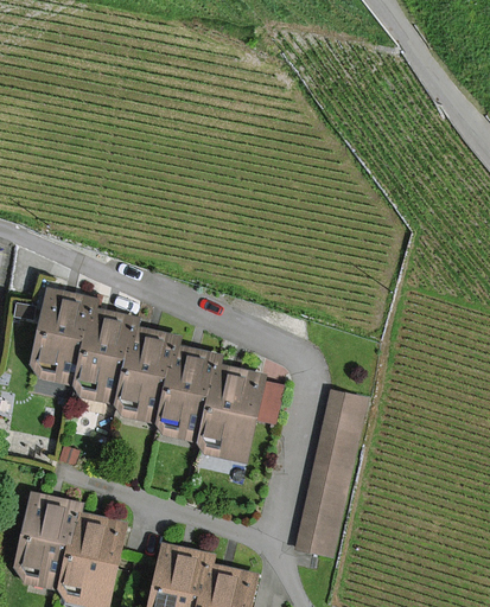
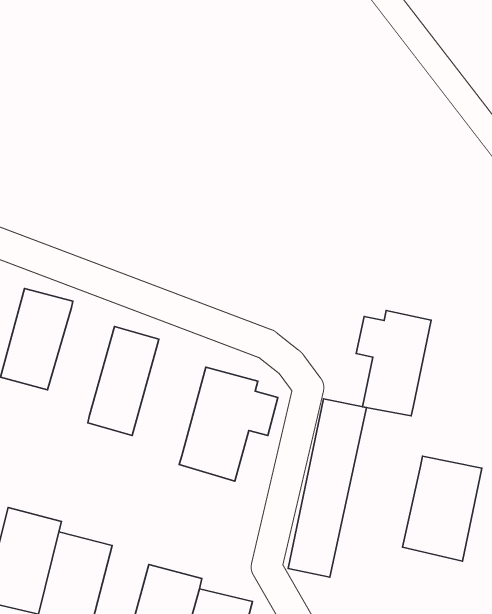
building: [65,305,133,407] -> none
building: none -> [356,311,431,416]
building: [147,339,219,443] -> none
building: none -> [402,456,482,561]

